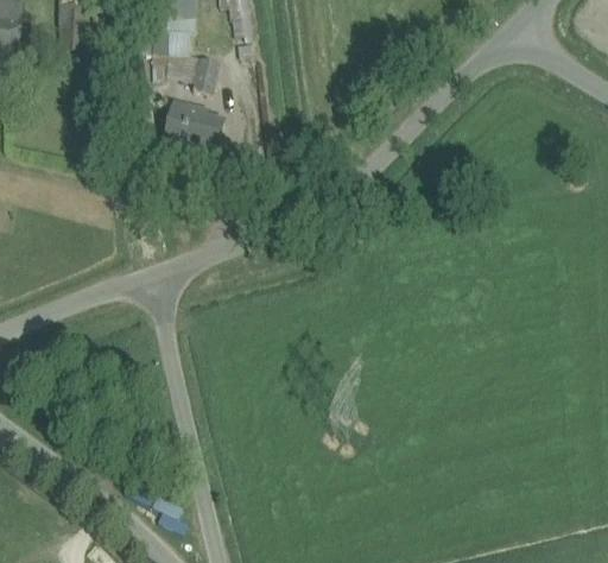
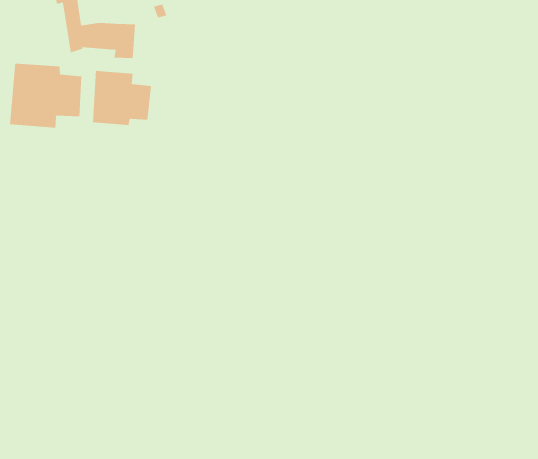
building: none -> [9,63,82,128]

